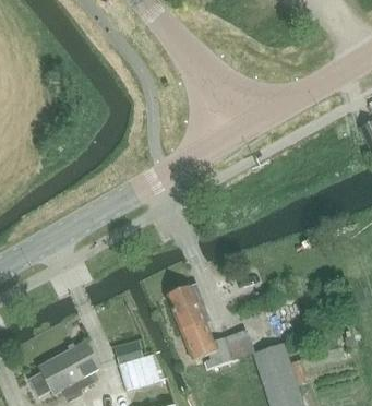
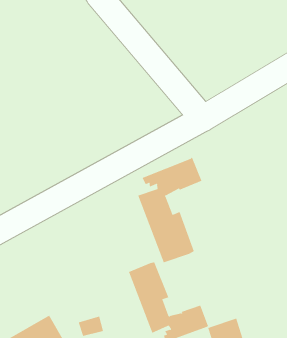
building: none -> [137,157,202,263]

